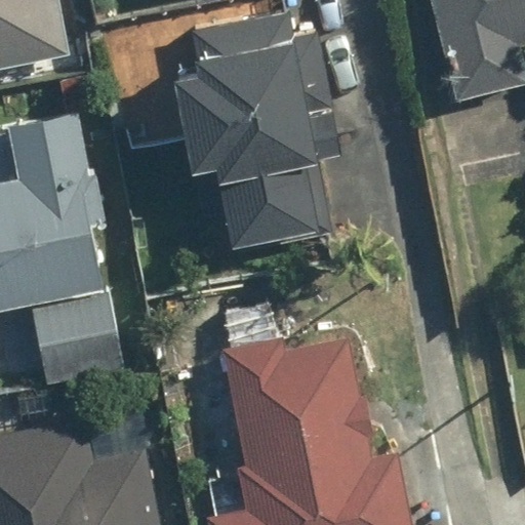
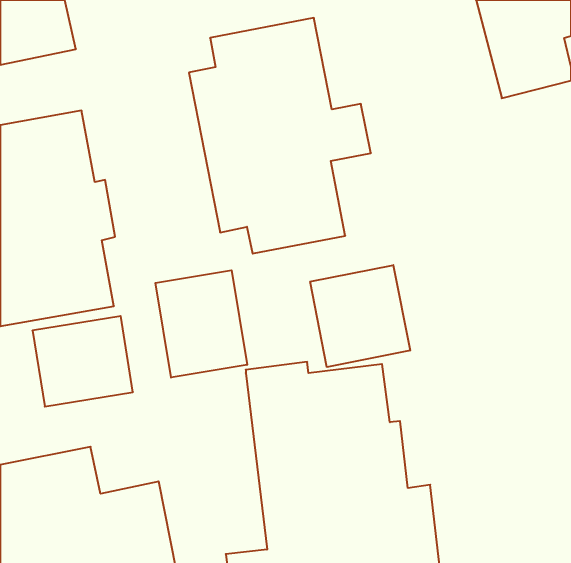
building: none -> [310,265,410,367]
building: none -> [155,270,247,378]

